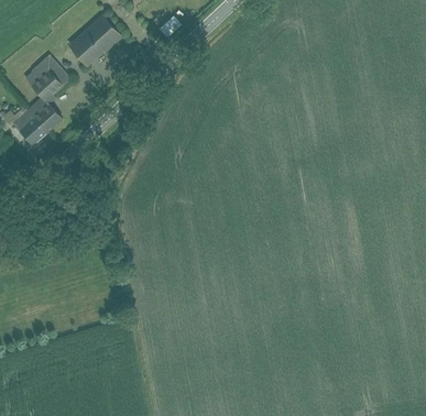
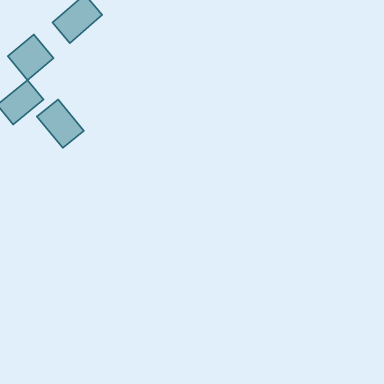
building: none -> [37,99,84,148]

